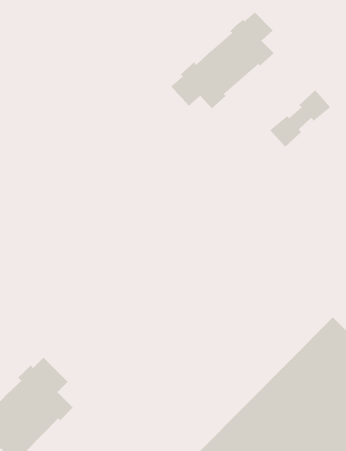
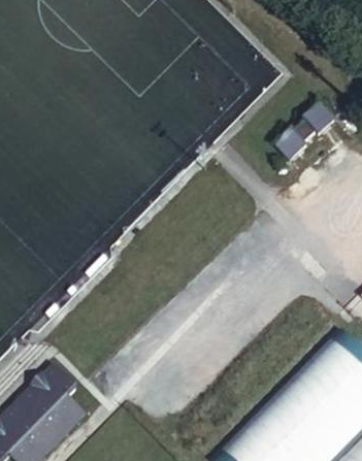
building: [171,11,275,109] -> none

